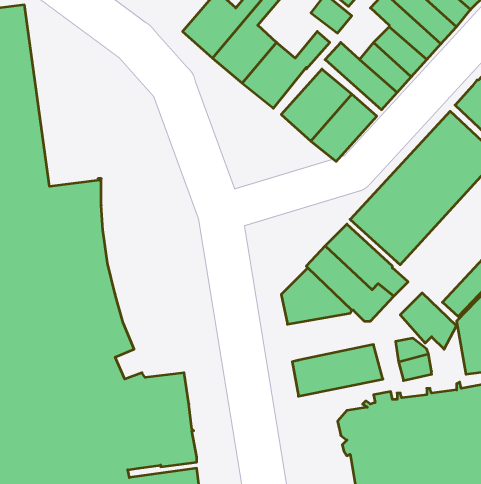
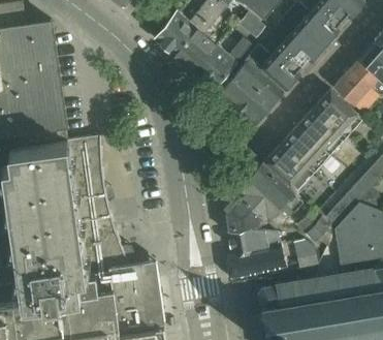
building: none -> [227,229,281,254]

